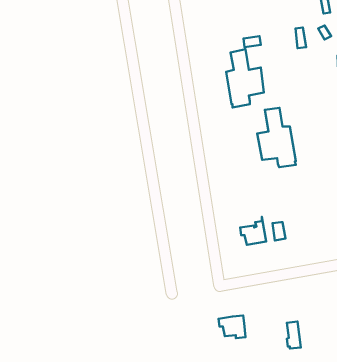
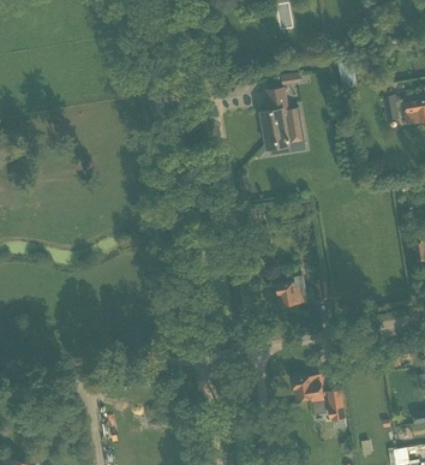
building: [257,108,296,167] -> none
building: [218,316,245,338] -> [293,376,323,401]

